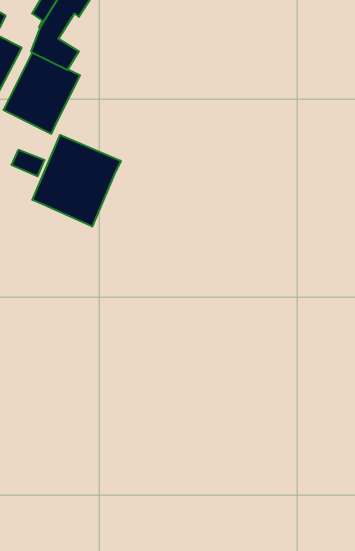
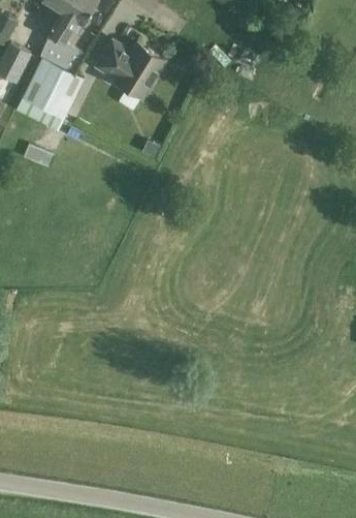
building: none -> [95,39,164,97]
building: [32,135,121,227] -> none

